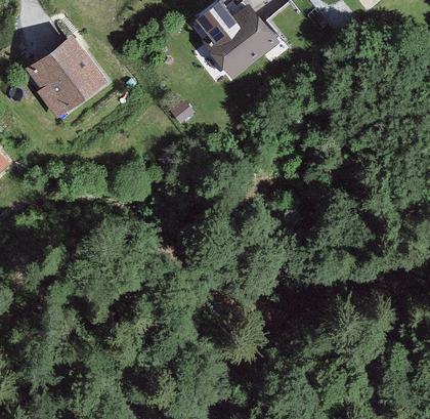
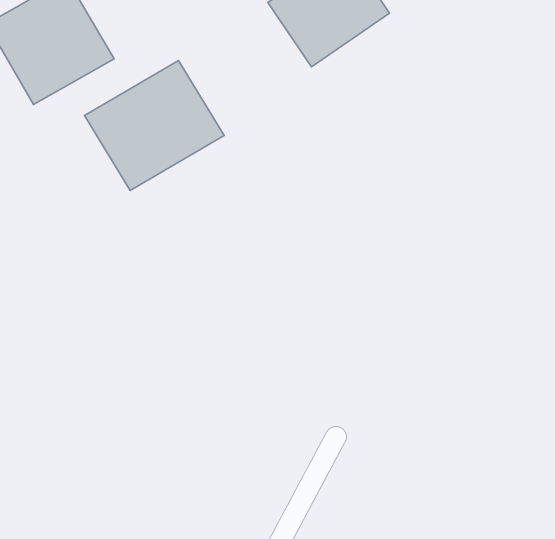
building: none -> [85,61,224,190]

